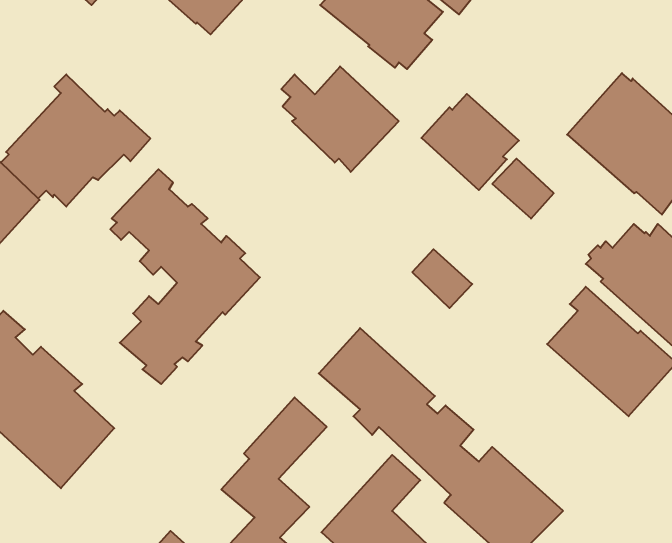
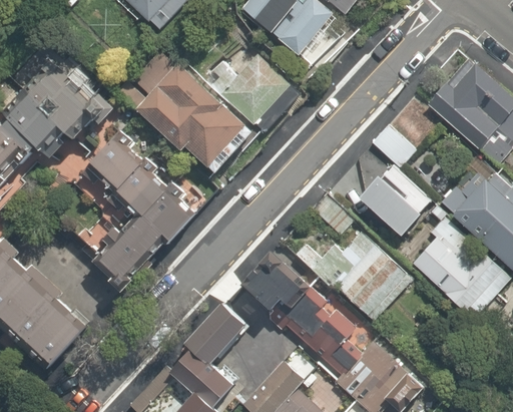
building: none -> [114,54,253,172]
building: [421,94,519,190] -> [359,164,432,237]
building: none -> [295,229,414,321]

